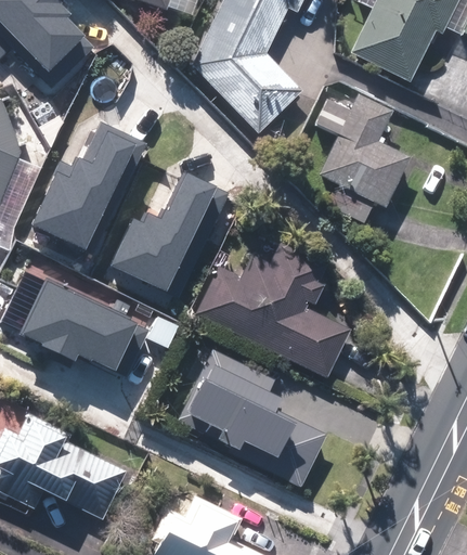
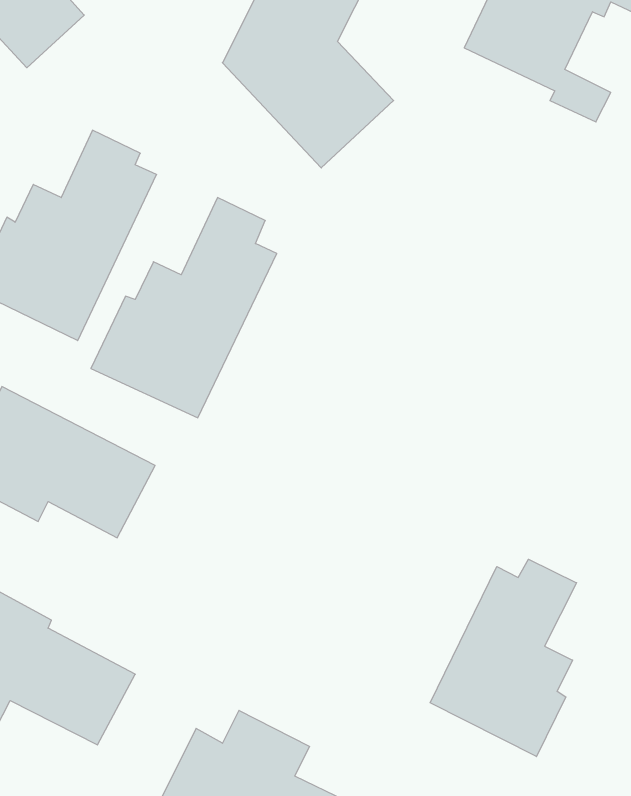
building: [310,98,406,225] -> none
building: [194,243,346,376] -> none
building: [179,349,321,485] -> none
building: none -> [430,559,577,757]

